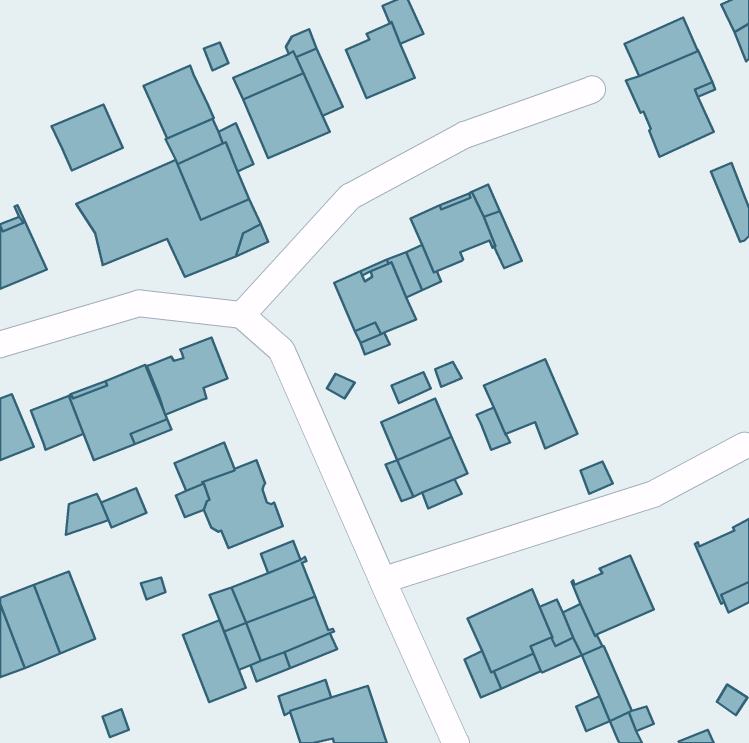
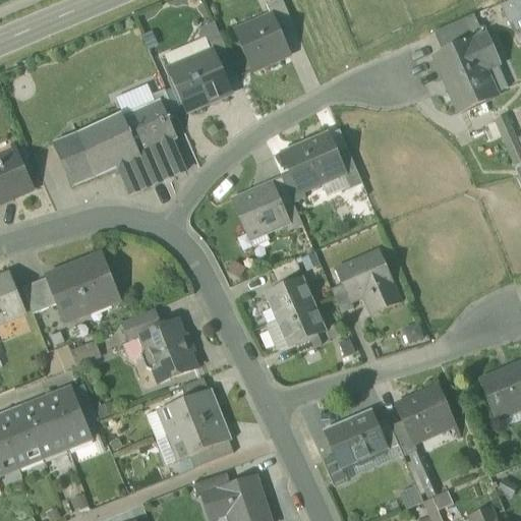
building: [144,65,214,139] -> none
building: [51,104,123,170] -> none
building: none -> [320,167,350,195]
building: [147,337,228,415] -> none
building: [183,620,246,702] -> [48,387,92,444]

